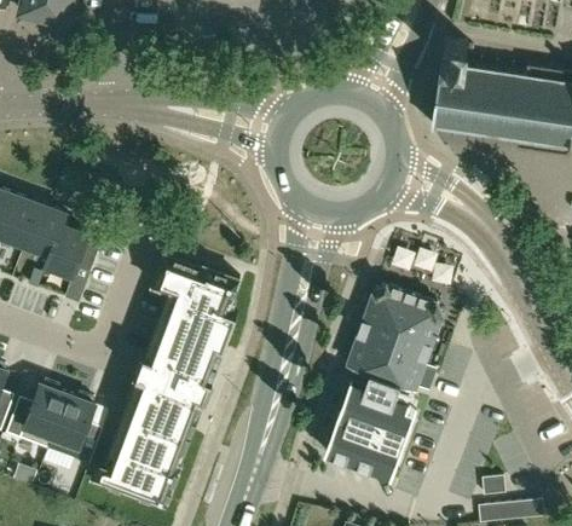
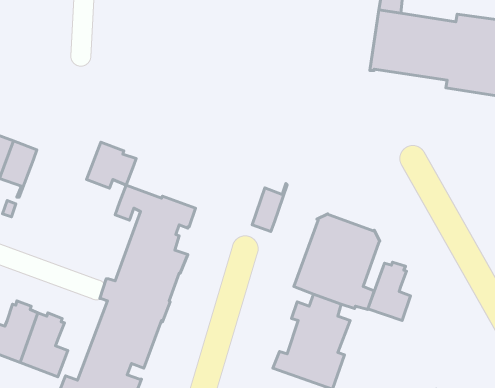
building: [46,225,100,276] -> [86,142,136,188]
building: none -> [252,183,287,231]
building: none -> [368,262,411,320]

